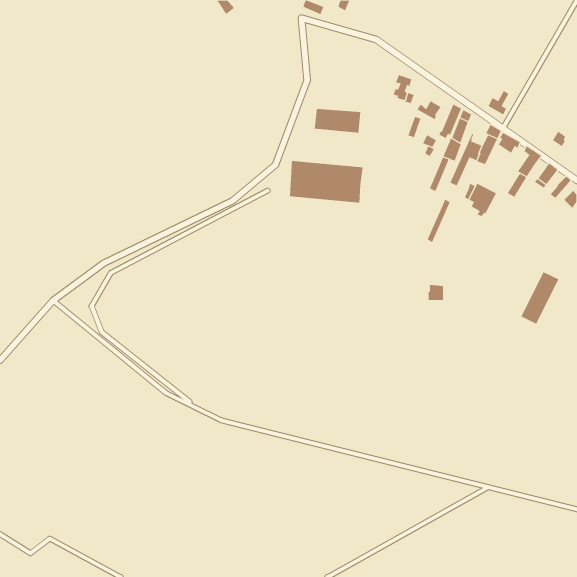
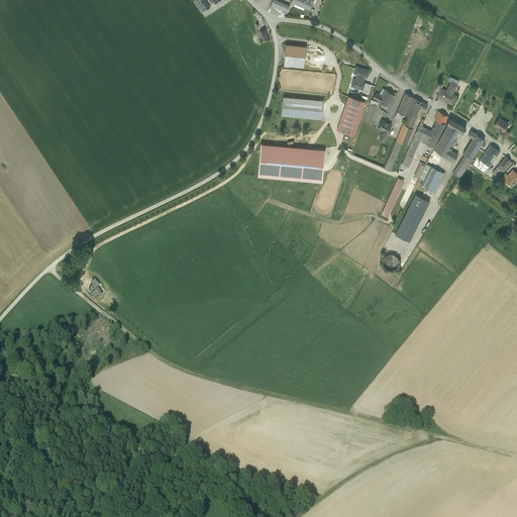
building: none -> [284,44,306,67]
building: none -> [336,96,366,135]
building: none -> [434,129,457,164]
building: [521,271,559,324] -> [395,194,429,241]

